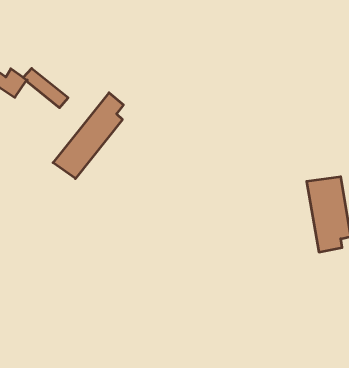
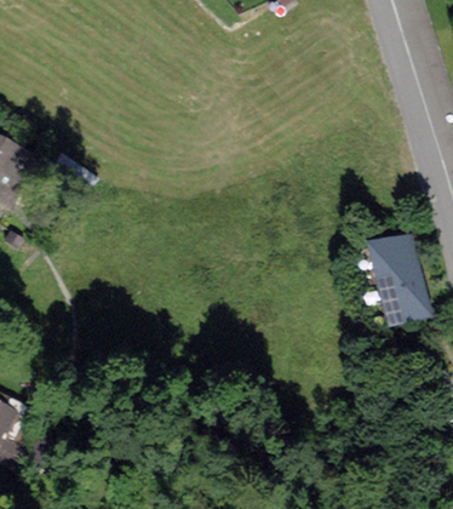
building: [53,93,123,179] -> none

